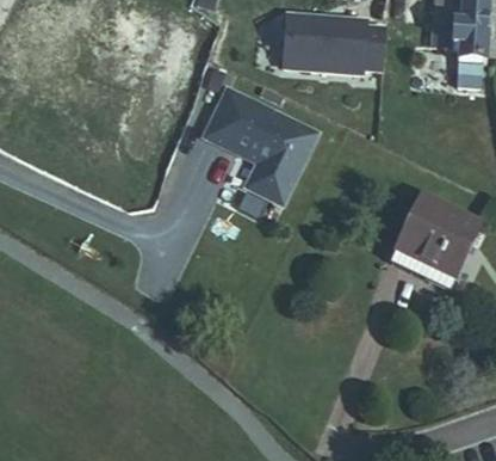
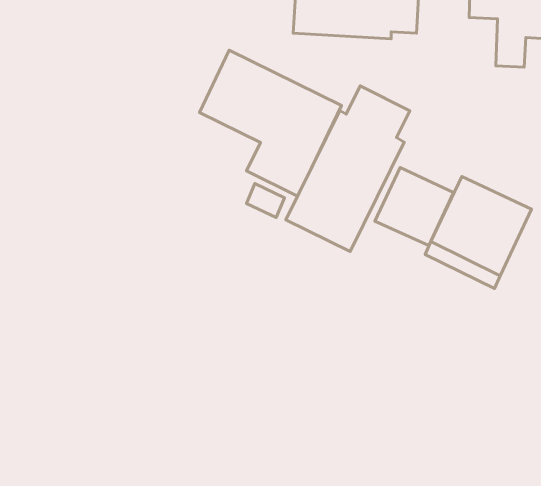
building: none -> [286,86,410,251]
building: none -> [375,168,453,246]

